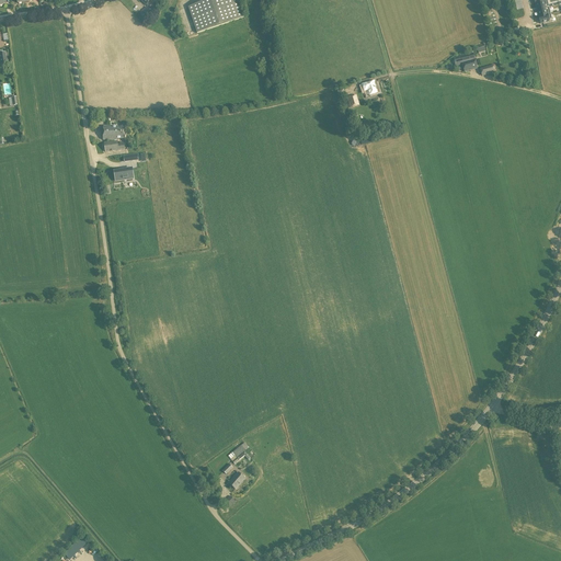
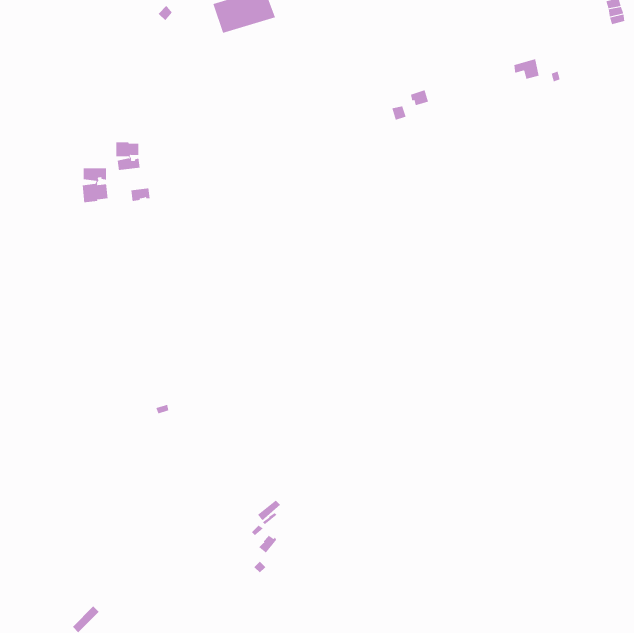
building: none -> [82,167,108,203]

